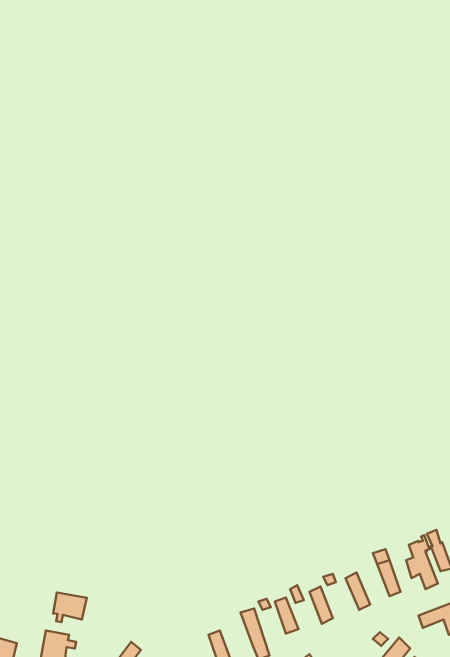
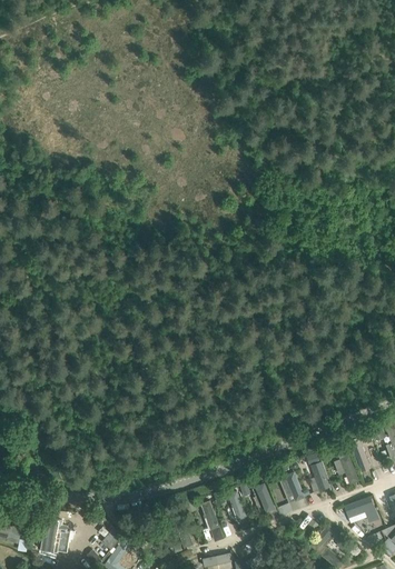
building: [53,593,87,622] -> none

